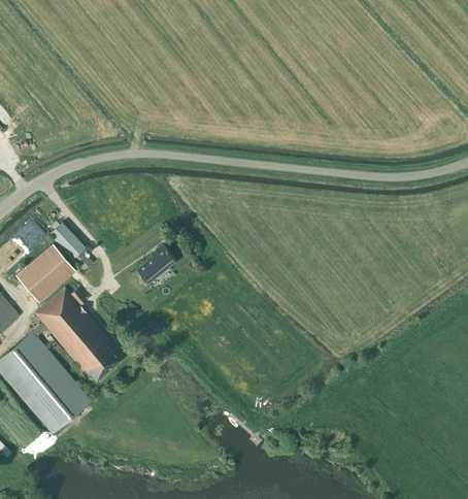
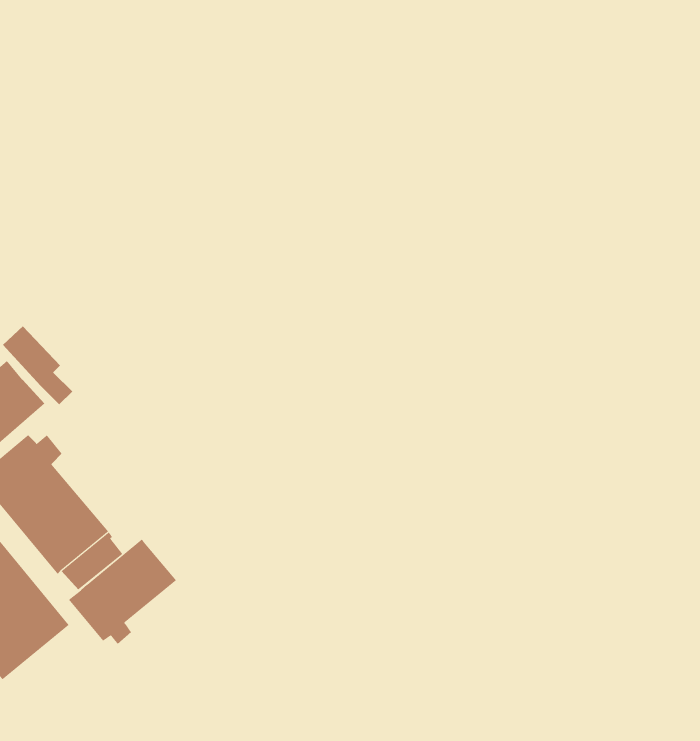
building: [137,244,176,282] -> none
building: none -> [68,538,177,645]

